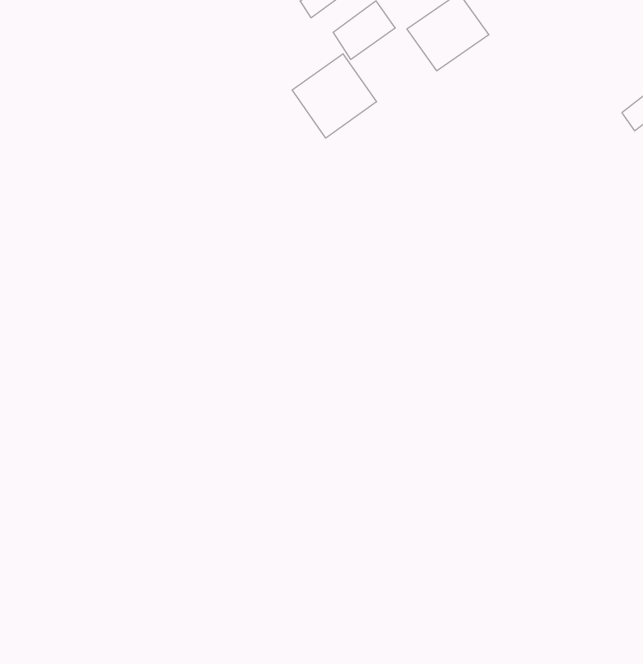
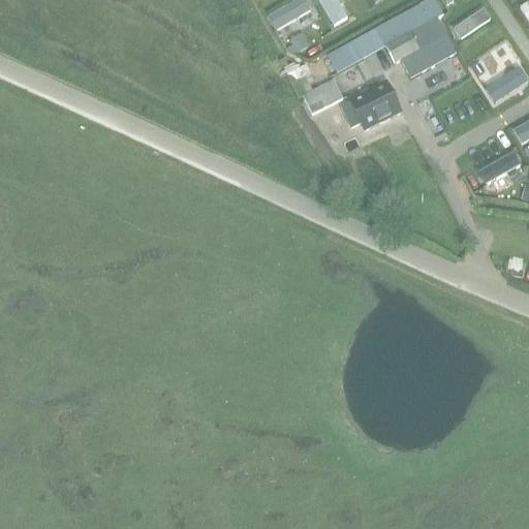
building: [292,54,377,138] -> none

